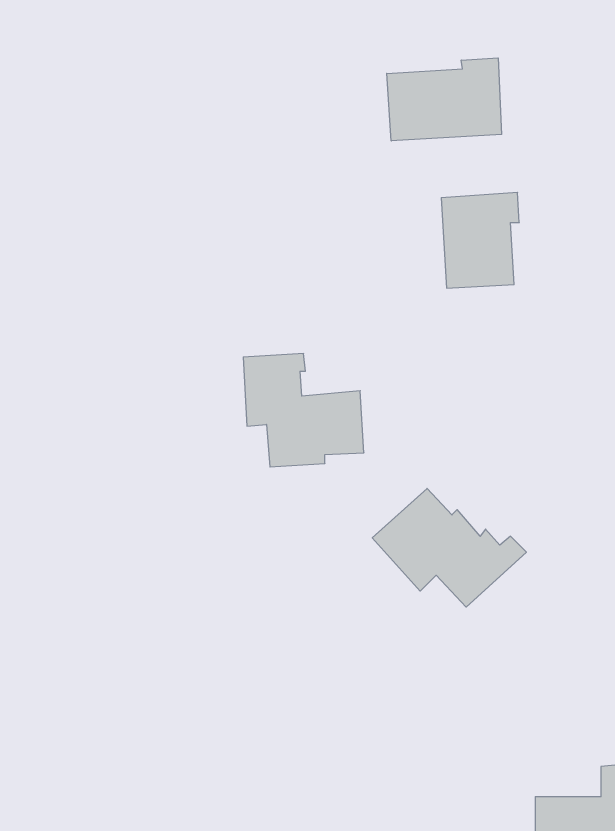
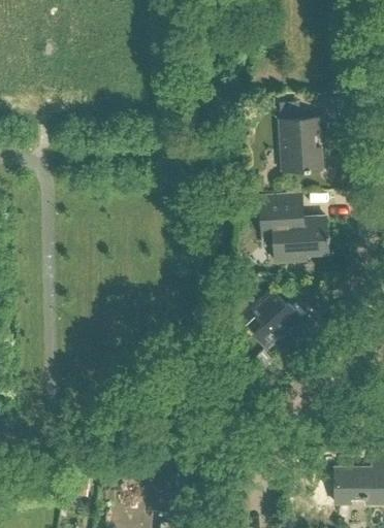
building: [387,58,502,141] -> none
building: [243,354,364,467] -> [258,195,328,261]

